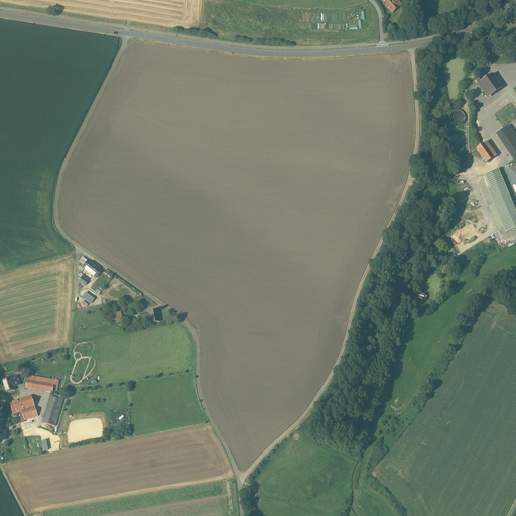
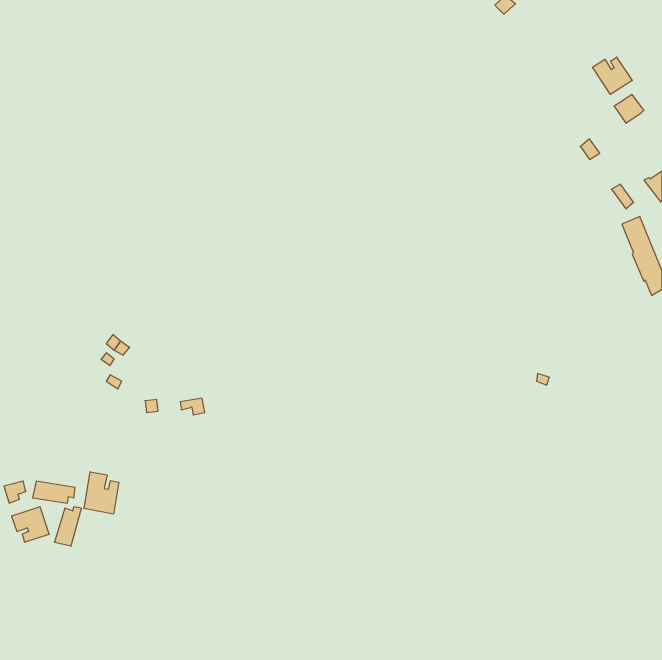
building: none -> [592,57,632,94]
building: none -> [84,472,119,514]

